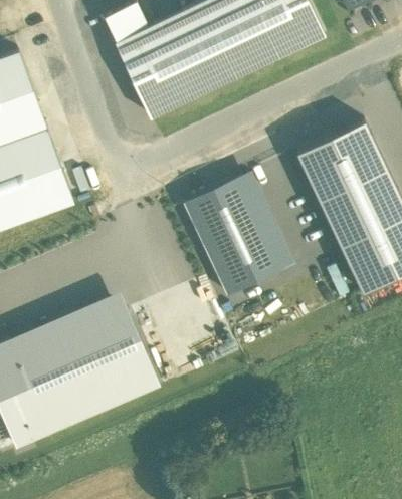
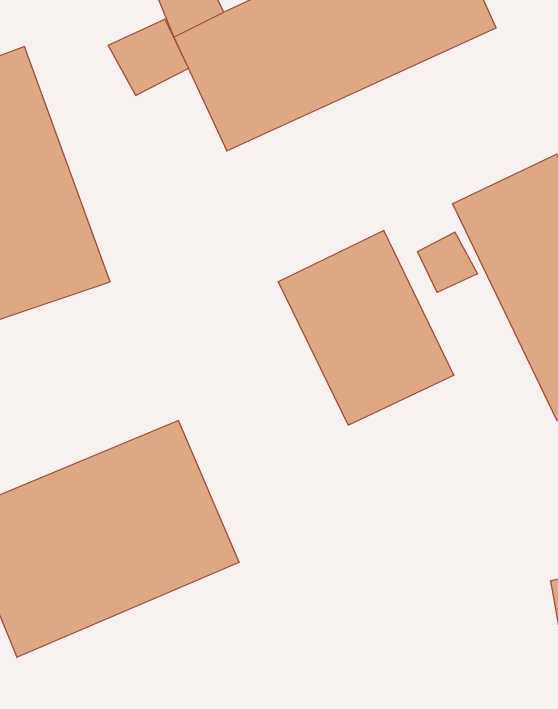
building: none -> [108,19,188,96]
building: none -> [417,232,478,292]

